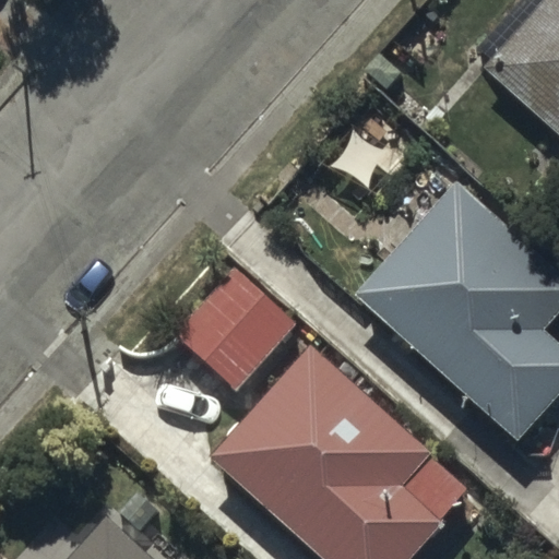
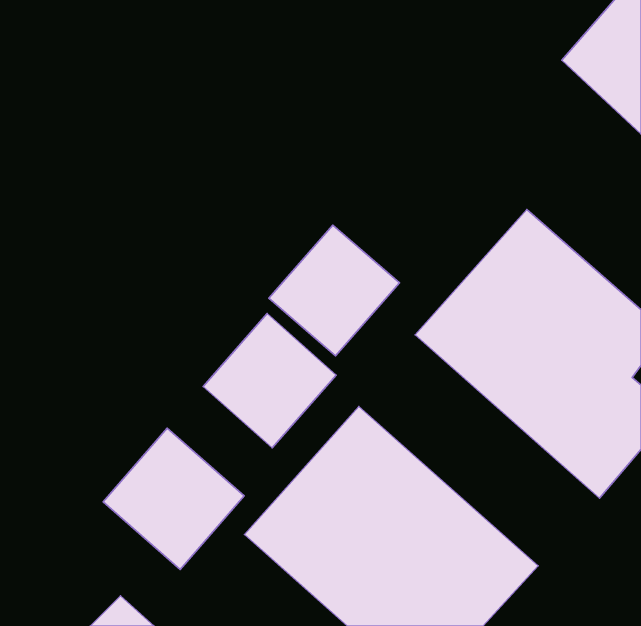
building: none -> [269,225,400,356]
building: none -> [103,428,244,569]

